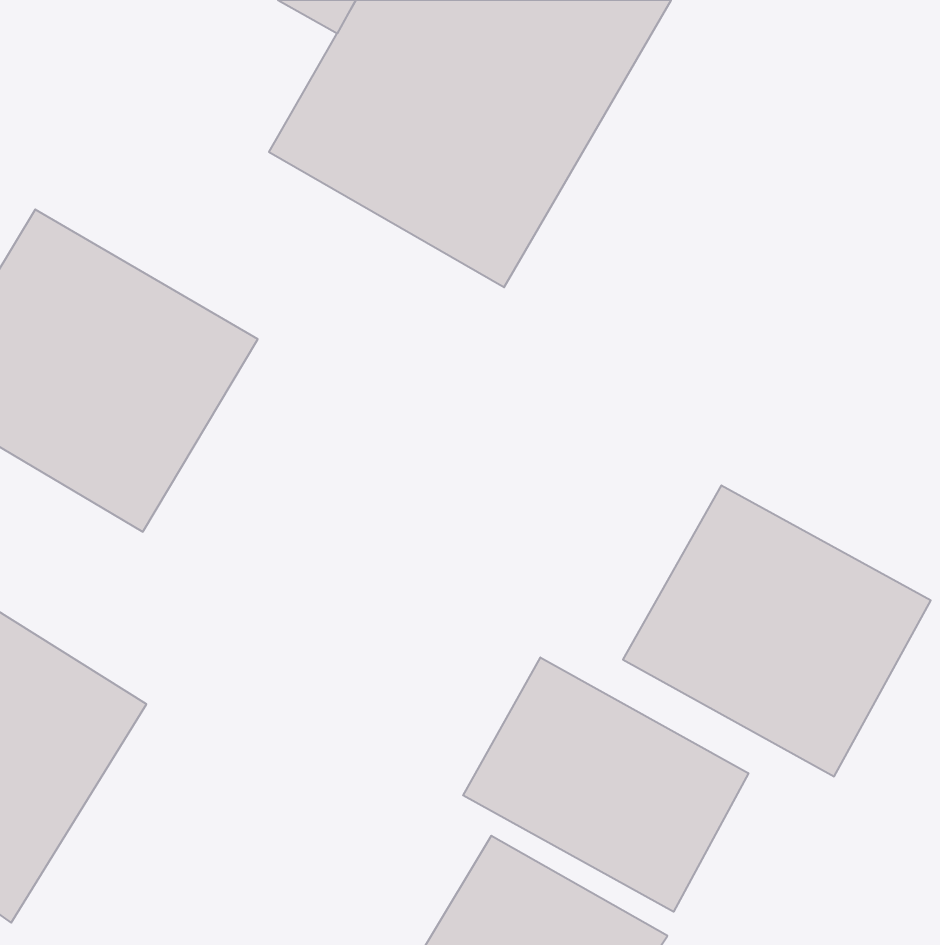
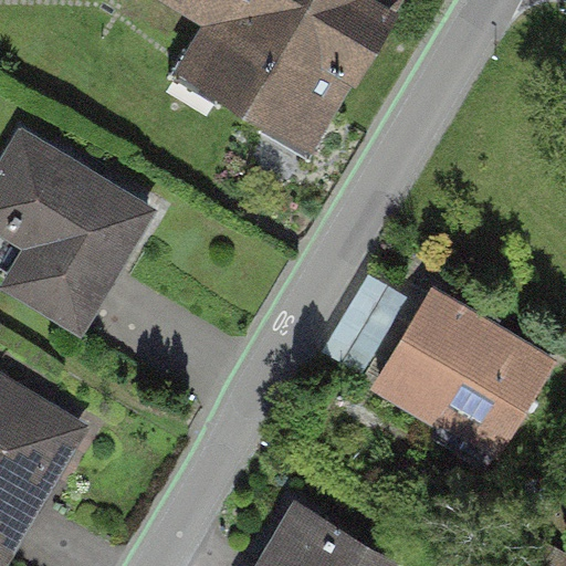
building: [463,657,748,912] -> none

